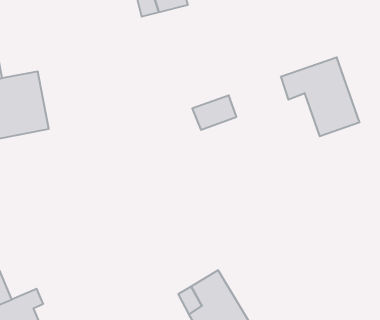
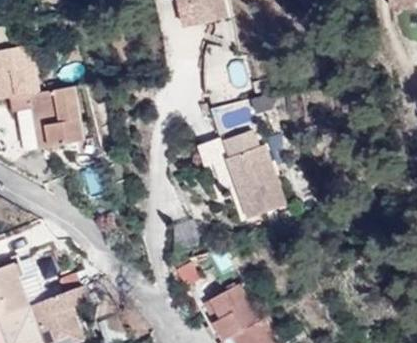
building: [281,57,360,136] -> [214,143,287,216]

